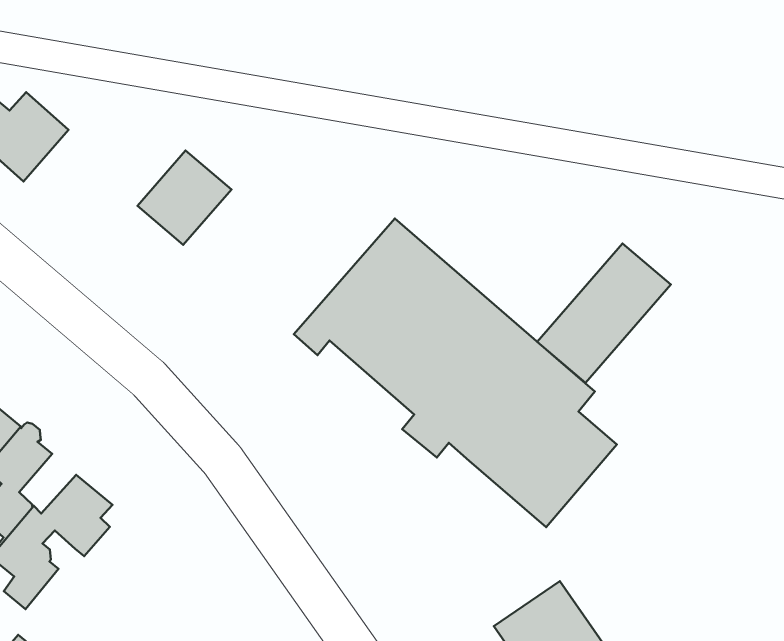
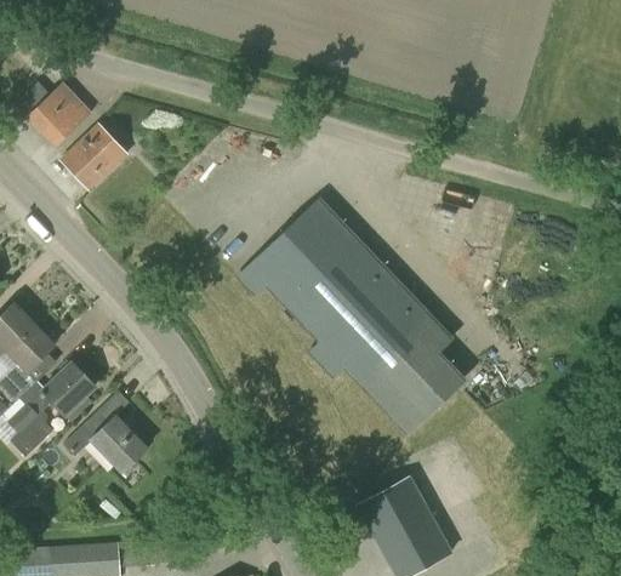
building: [137,151,231,245] -> [59,122,129,190]
building: [537,244,671,383] -> none
building: none -> [64,411,147,473]

